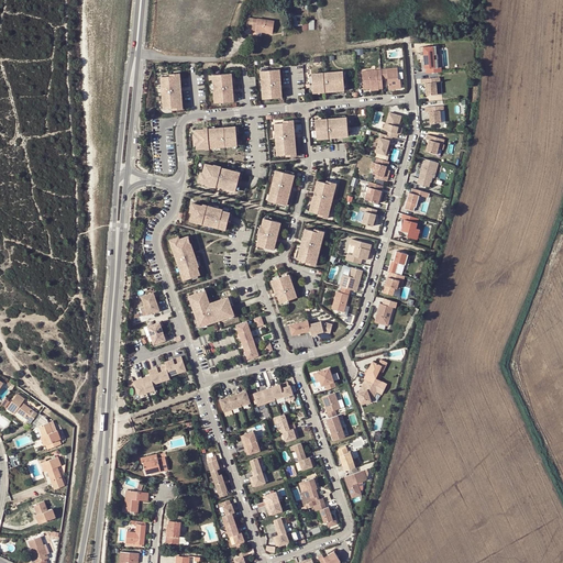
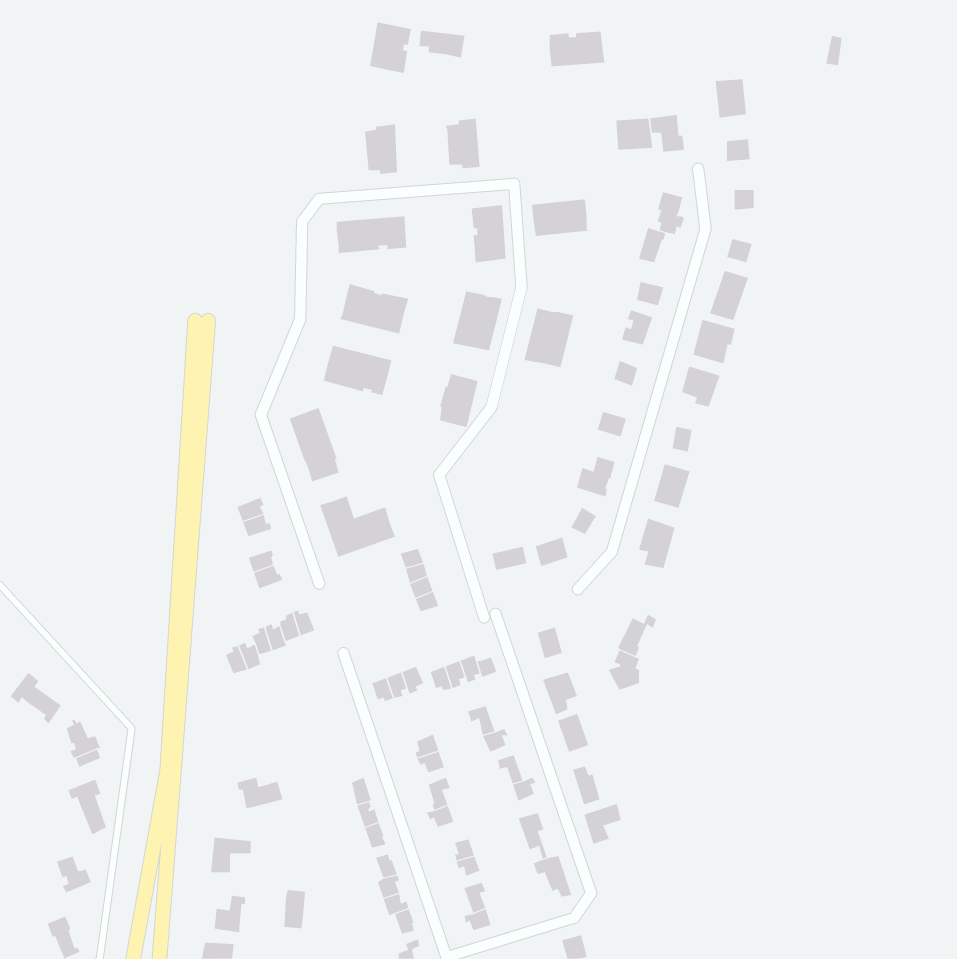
building: none -> [370,21,412,74]
building: [308,71,341,92] -> [549,31,605,67]
building: [162,77,184,108] -> none
building: [296,229,321,264] -> none
building: [269,274,295,302] -> none

